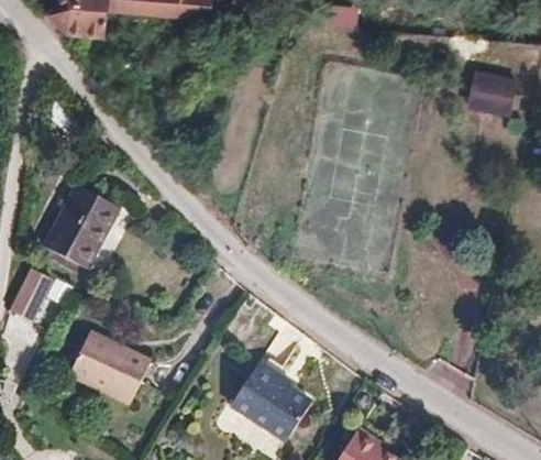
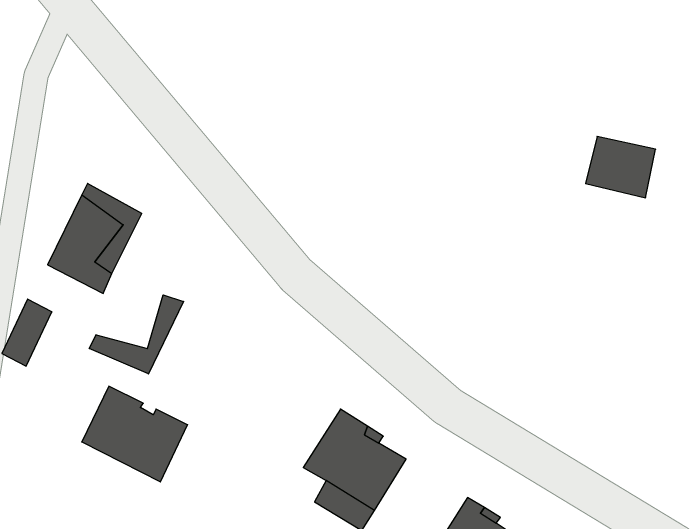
building: [466,66,520,113] -> [586,136,656,198]
building: none -> [89,295,184,374]

